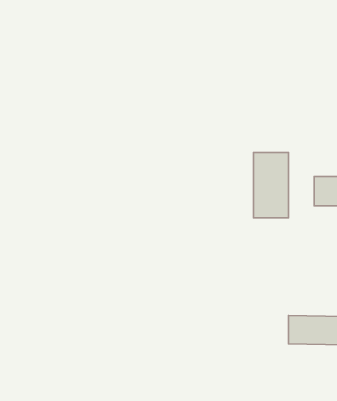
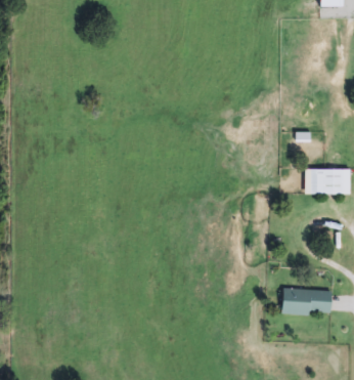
building: [254,153,289,218] -> none

